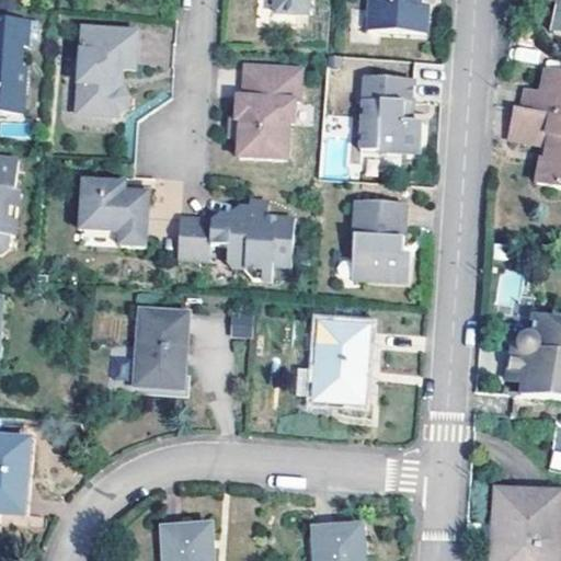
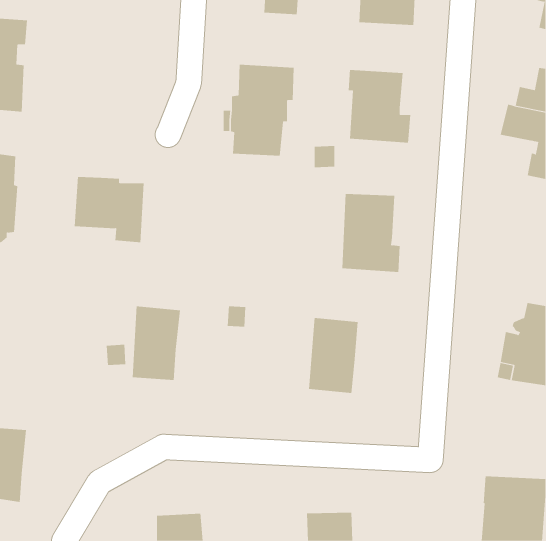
building: [76,19,136,106] -> none
building: [176,198,293,278] -> none

